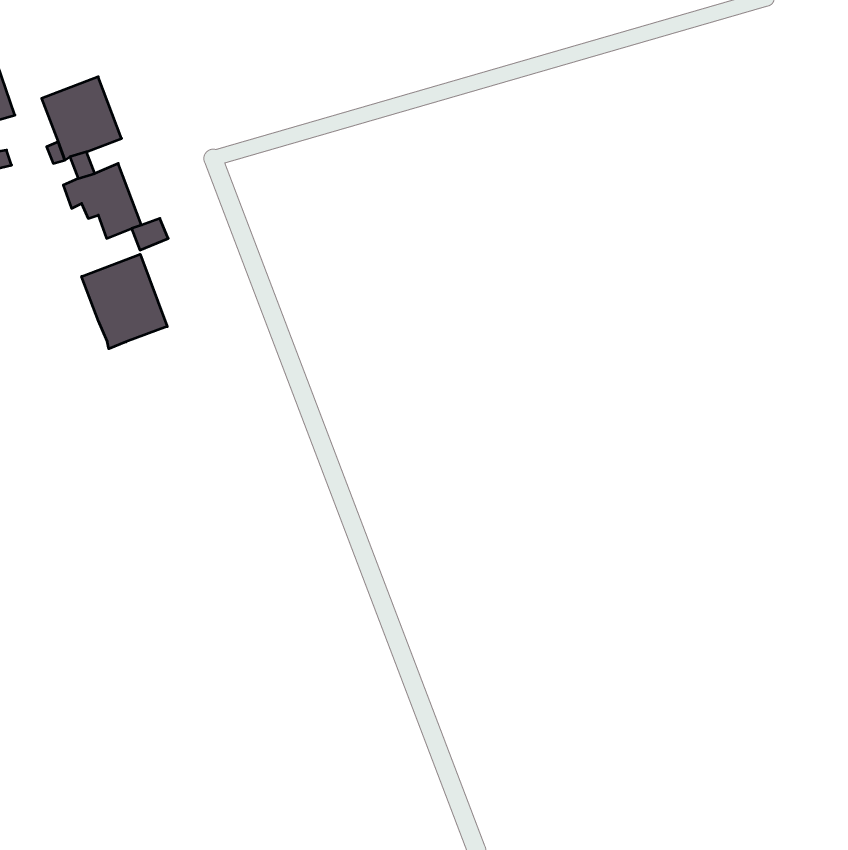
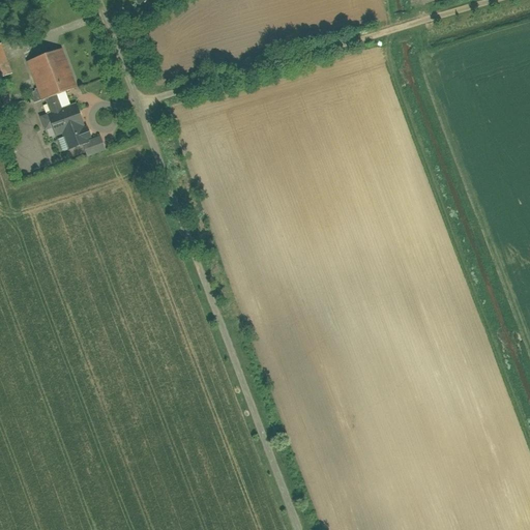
building: [82,254,167,349] -> none

